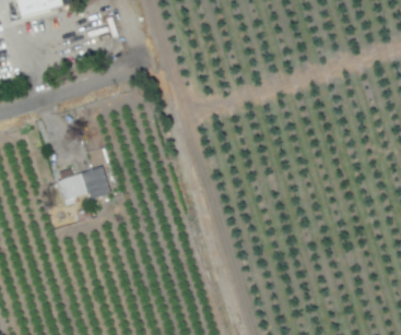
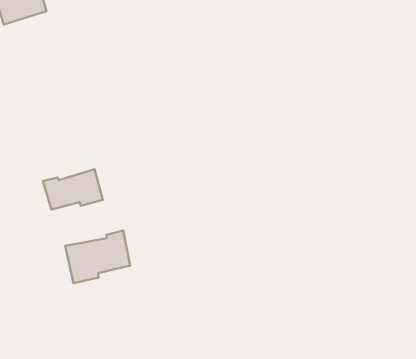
building: none -> [65,231,130,283]

